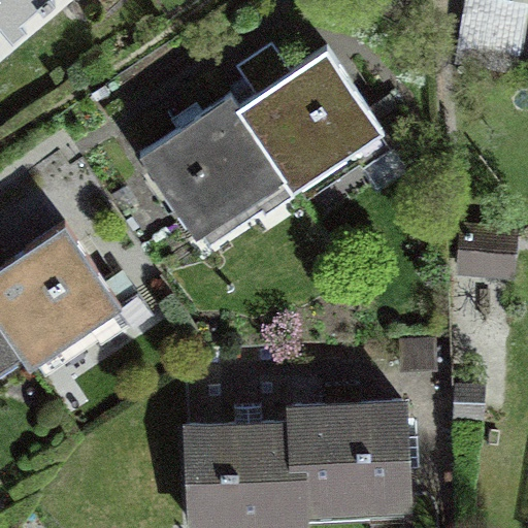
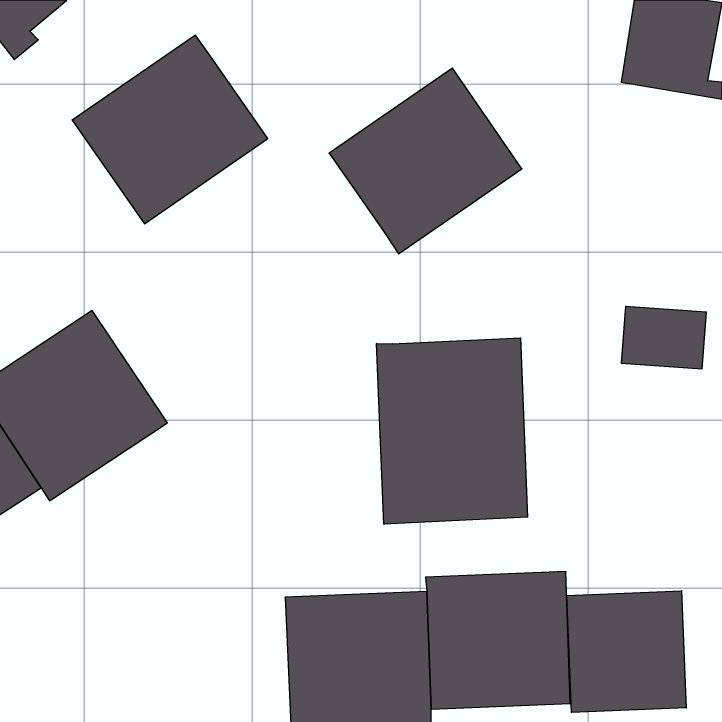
building: [137,96,279,233] -> [72,35,268,224]
building: none -> [377,338,528,524]
building: none -> [567,591,686,713]

